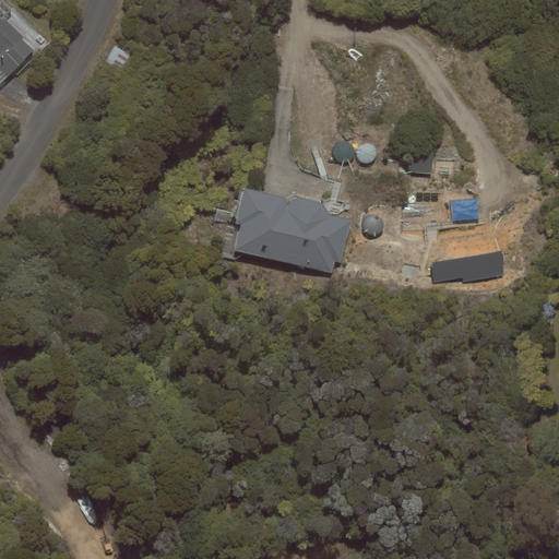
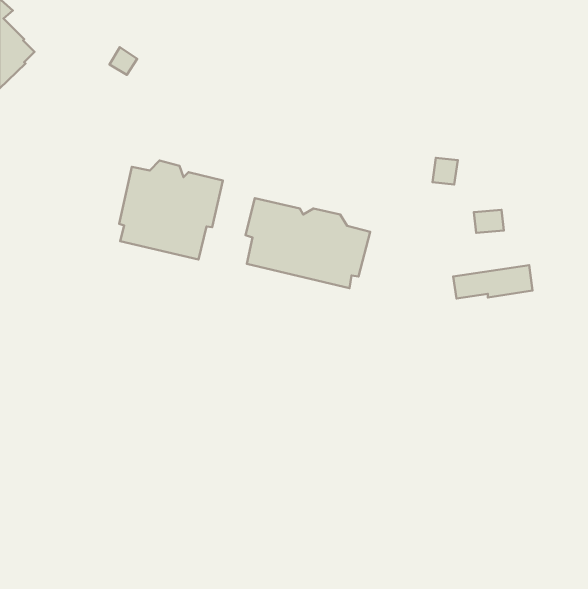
building: none -> [119,161,223,260]

